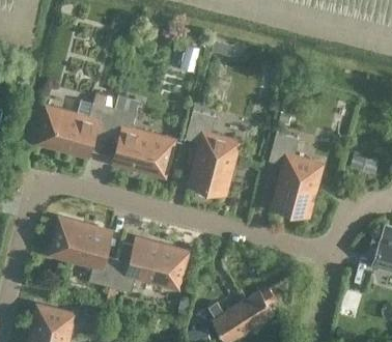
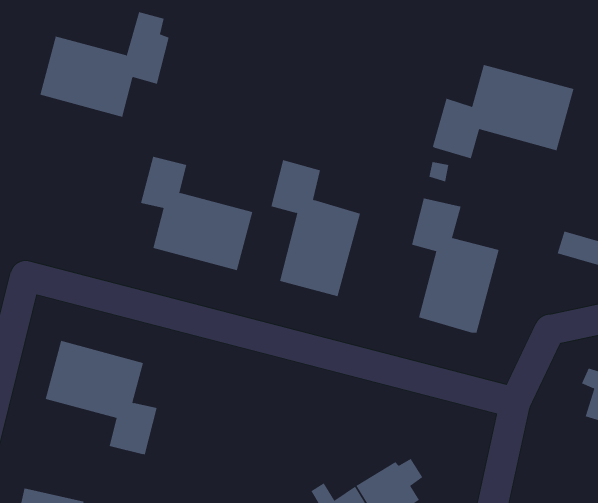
building: none -> [432,64,574,159]
building: [36,93,114,156] -> [39,12,170,117]
building: [106,239,188,305] -> none

